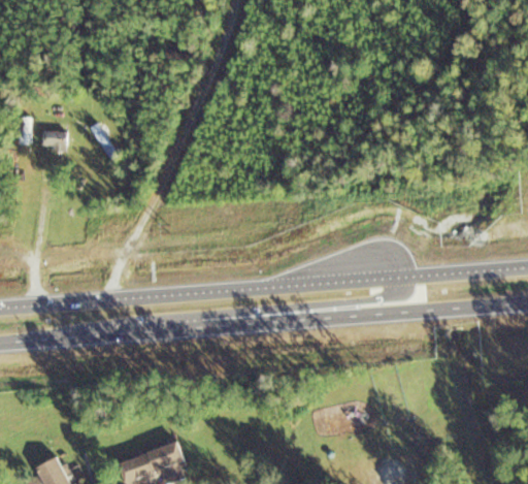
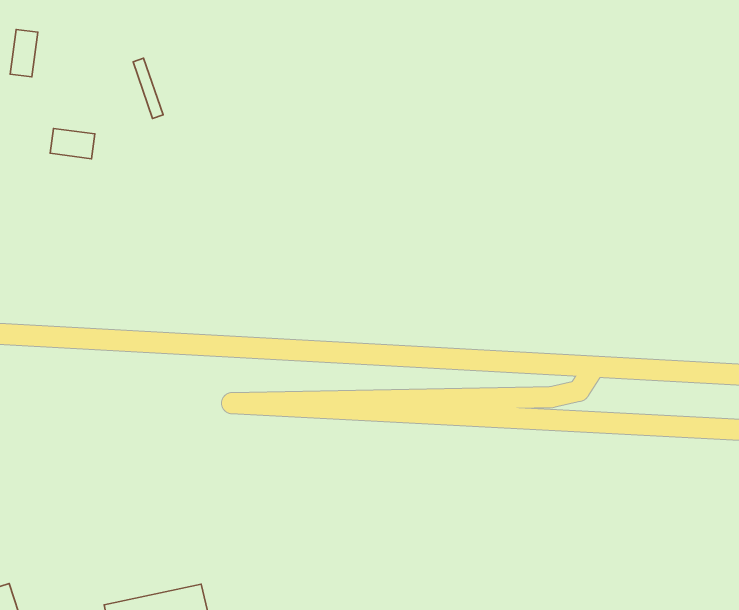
building: [41,132,67,148] -> [50,128,95,159]

